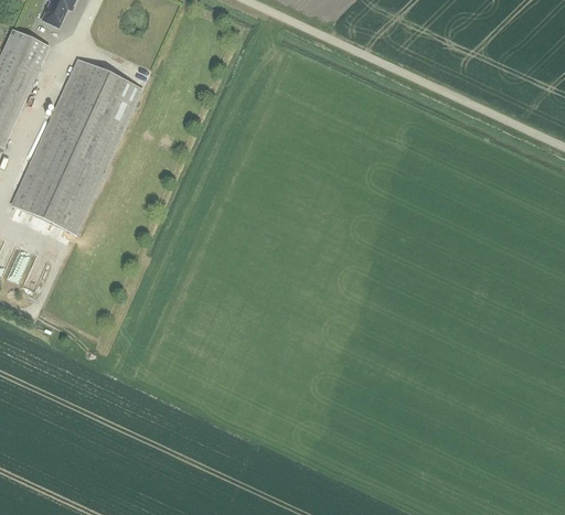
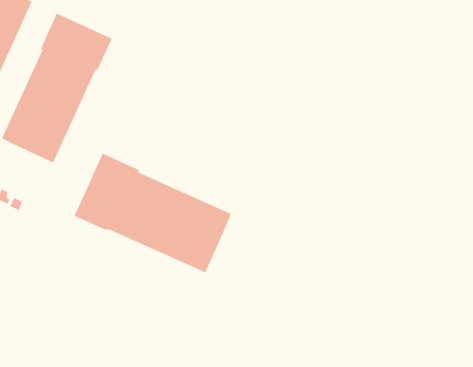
building: none -> [74,153,232,273]

